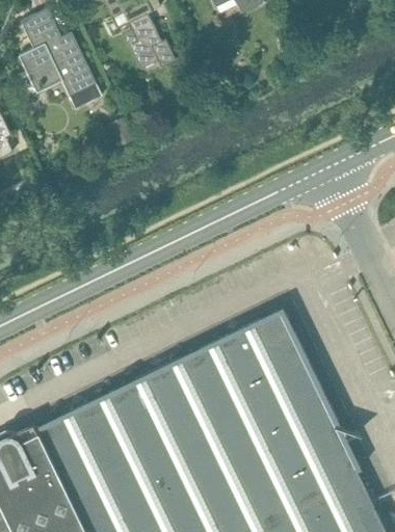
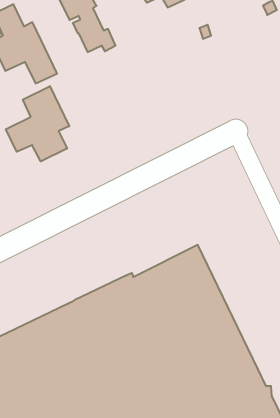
building: none -> [6,86,69,161]

